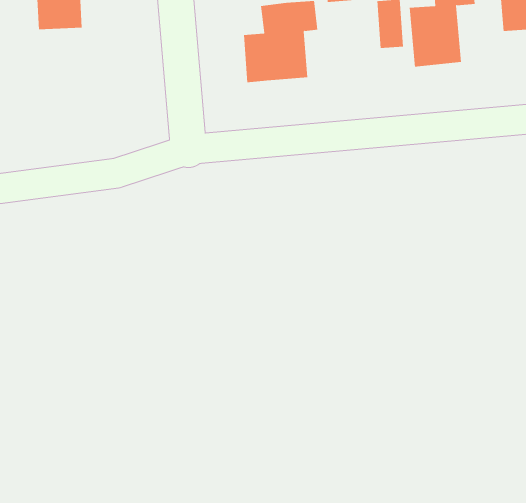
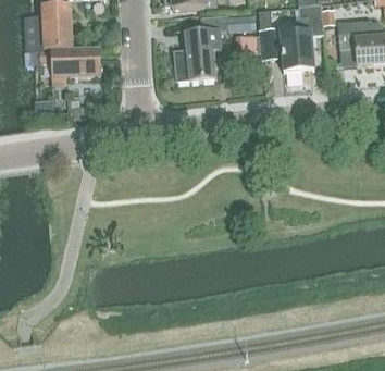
building: none -> [39,47,100,78]

